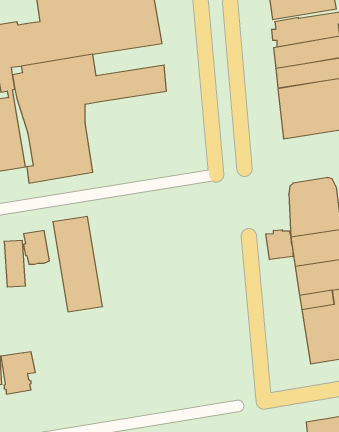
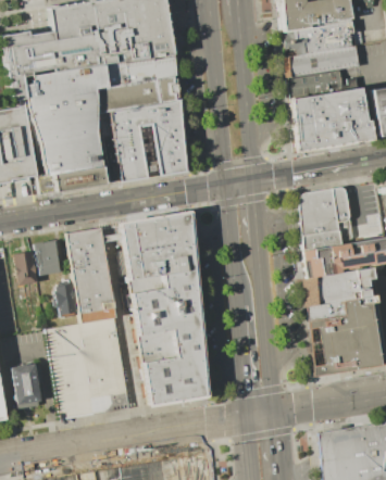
building: none -> [105,53,177,86]
building: none -> [111,101,188,180]
building: none -> [123,214,208,405]
building: [266,230,293,260] -> none
building: none -> [55,285,78,317]
building: none -> [48,317,129,420]

